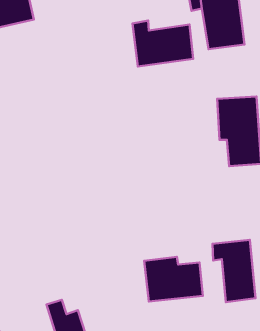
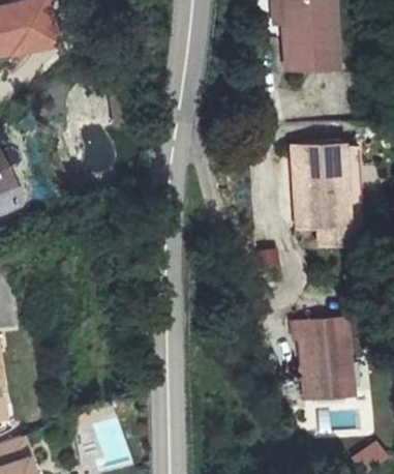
building: [132,20,193,66] -> none
building: [144,257,203,302] -> none

